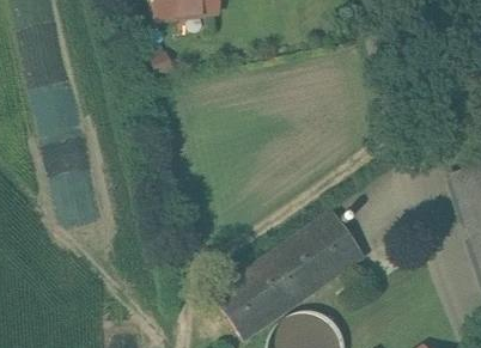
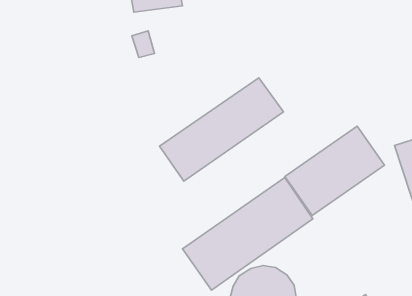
building: none -> [160,78,283,181]
building: none -> [285,126,385,216]

